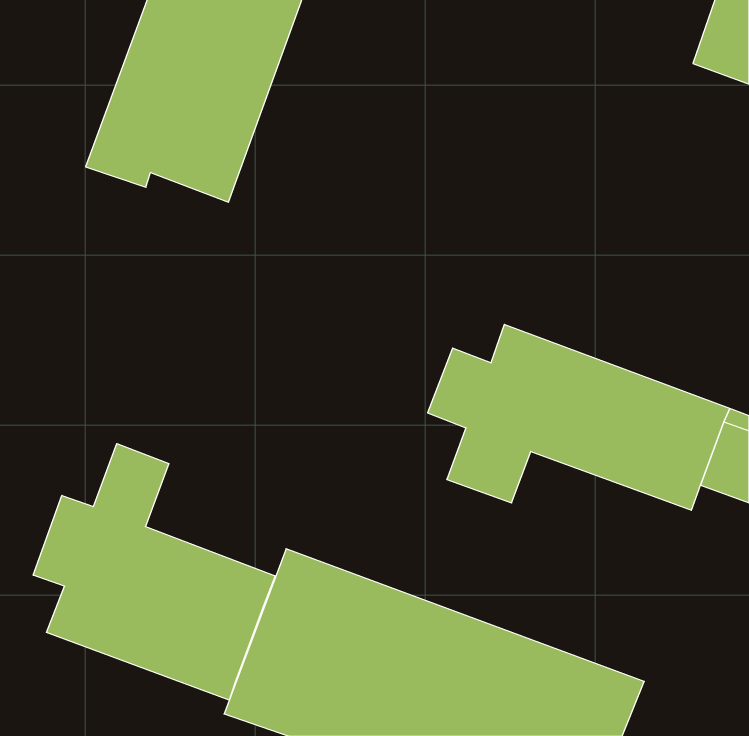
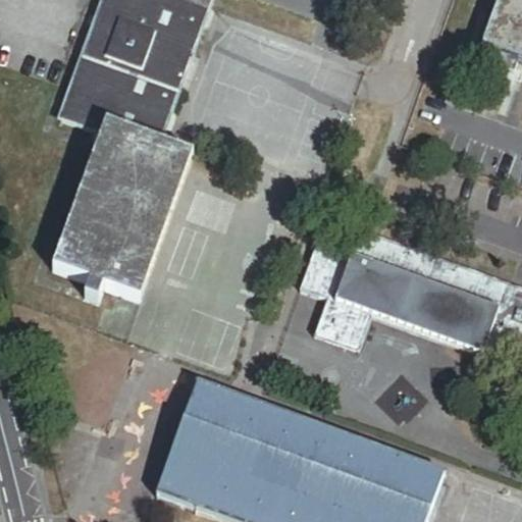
building: none -> [51,119,192,298]
building: [33,444,275,700] -> none

